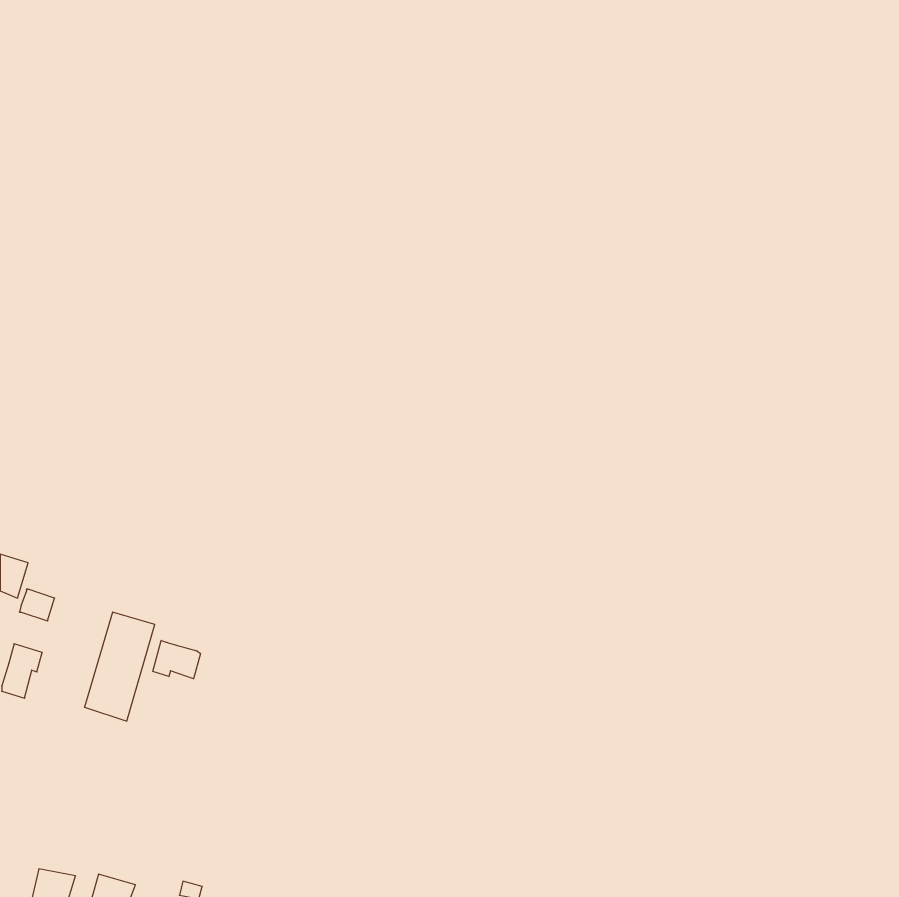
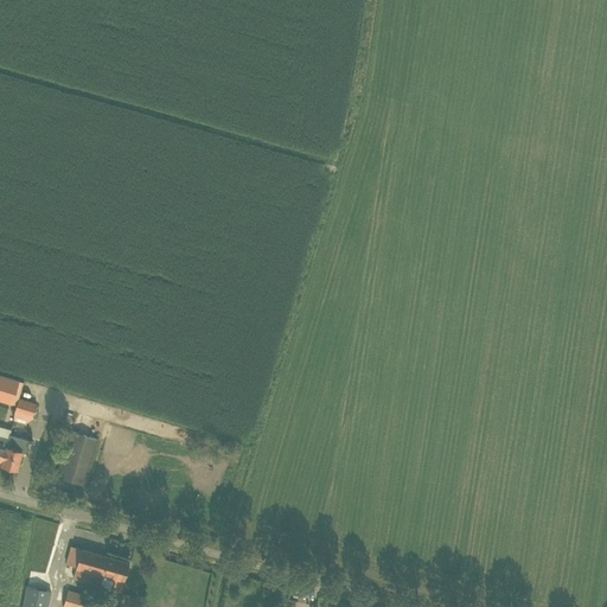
building: [153,640,201,679] -> none
building: none -> [66,547,129,593]

